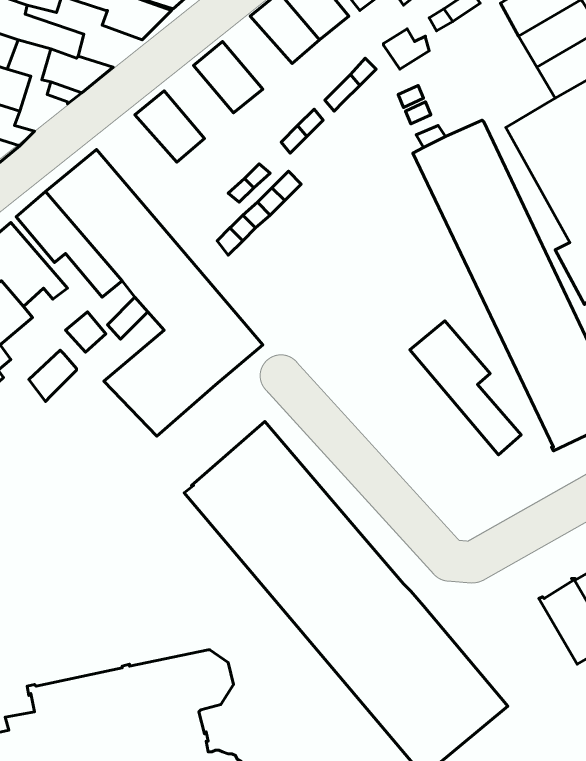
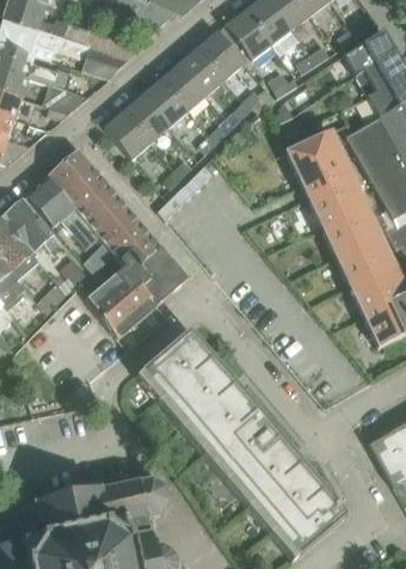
building: none -> [162,62,208,110]
building: none -> [124,94,170,142]
building: [410,321,521,455] -> none

